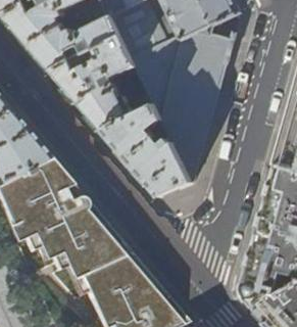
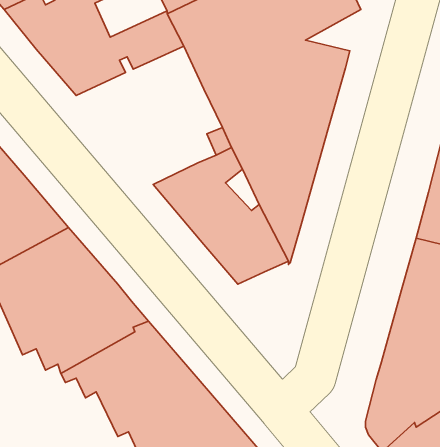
building: [54,38,139,130] -> none

